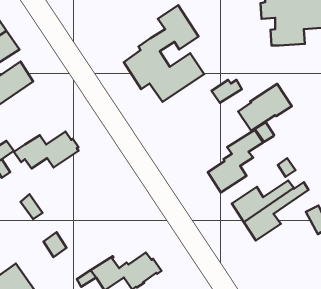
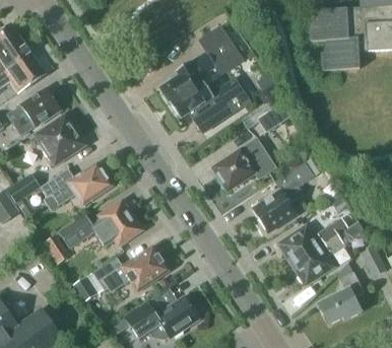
building: [238,84,292,131] -> [213,137,272,189]
building: none -> [35,115,84,164]
building: none -> [59,200,141,247]
building: none -> [92,247,168,291]
building: none -> [318,261,364,324]

